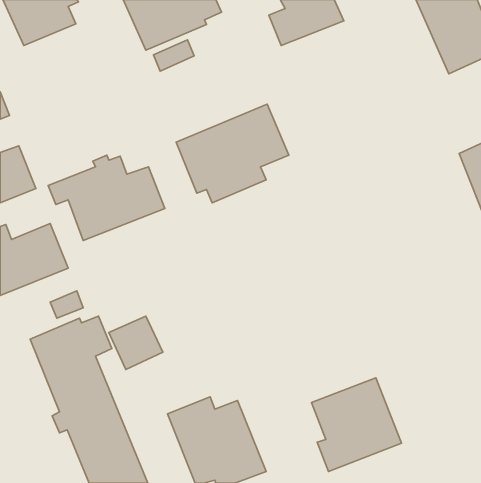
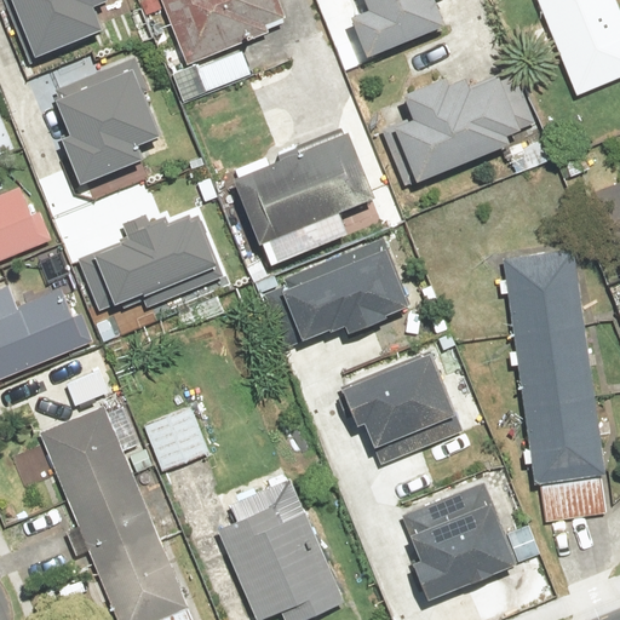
building: none -> [52,57,156,188]
building: none -> [392,76,536,184]
building: none -> [274,240,406,343]
building: none -> [500,251,609,521]
building: none -> [338,349,467,466]

